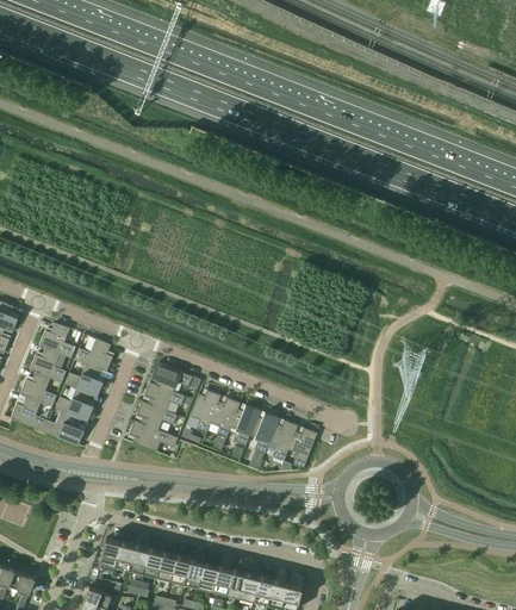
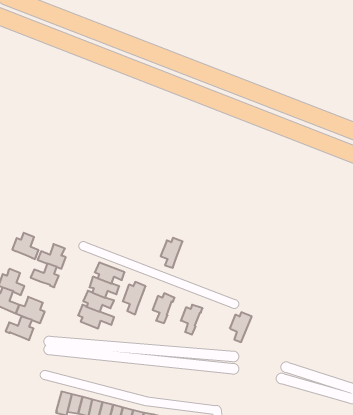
building: [30,347,66,381] -> none
building: [55,387,93,419] -> [6,316,34,340]
building: [210,397,240,437] -> [161,238,183,268]
building: [249,411,279,453] -> none
building: [287,427,317,467] -> [230,312,252,342]

